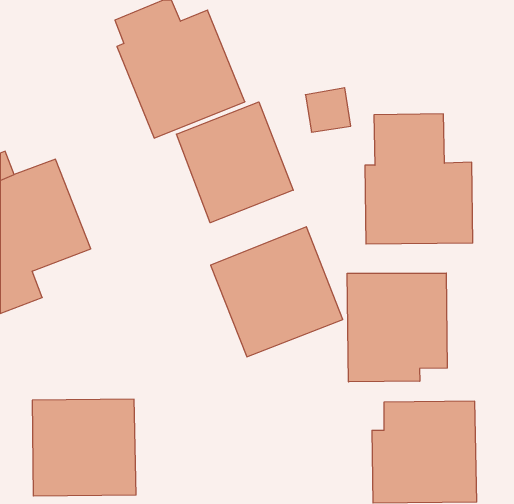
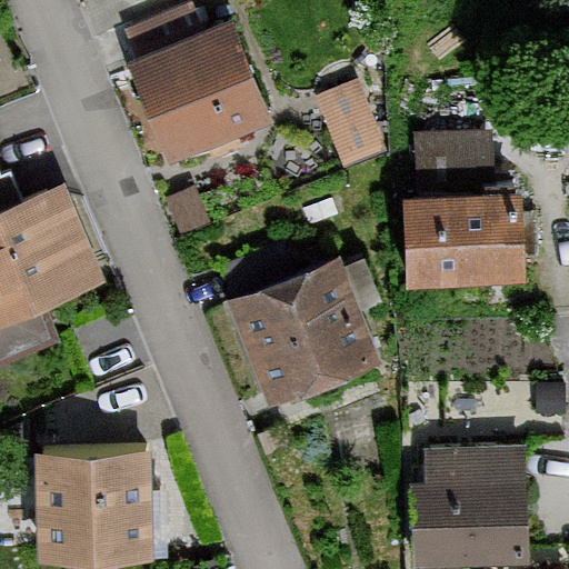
building: [176,102,293,223] -> none
building: [347,273,447,382] -> none

